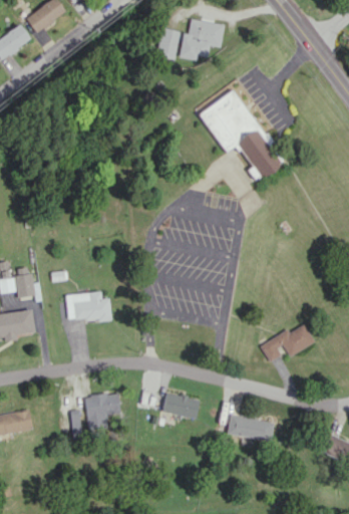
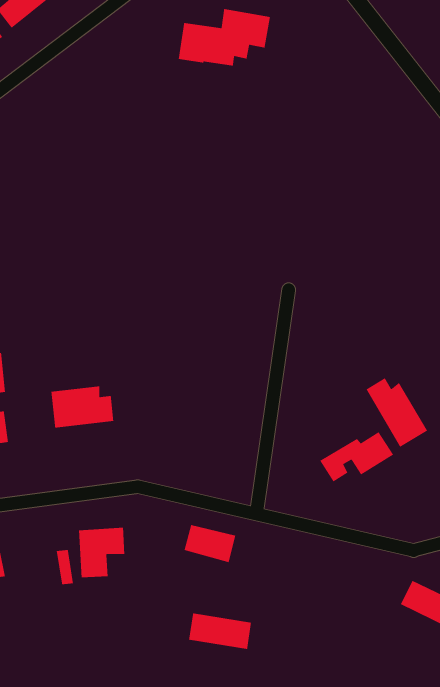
building: [199,89,281,179] -> none
building: none -> [365,377,428,448]
building: [227,415,273,442] -> [188,612,252,650]

